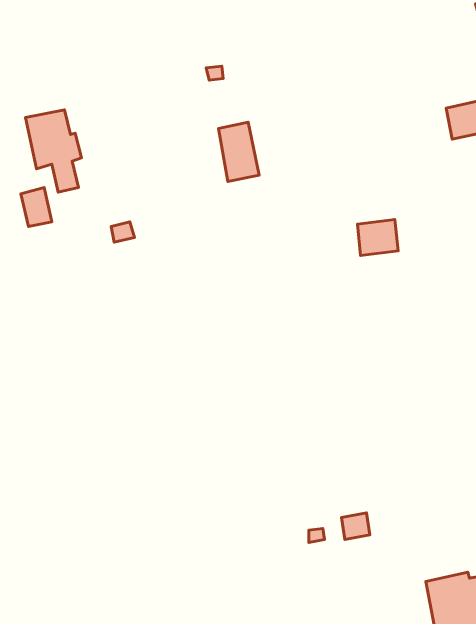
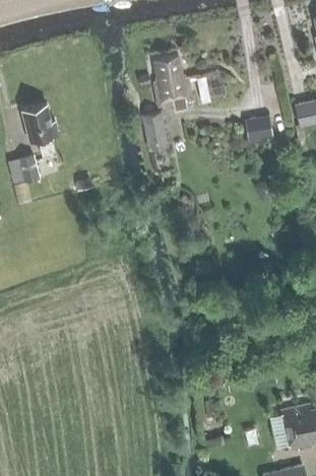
building: none -> [153,56,194,111]
building: [358,220,398,255] -> [242,116,268,139]

